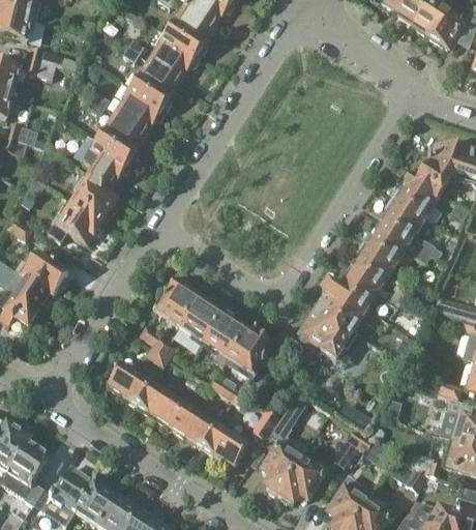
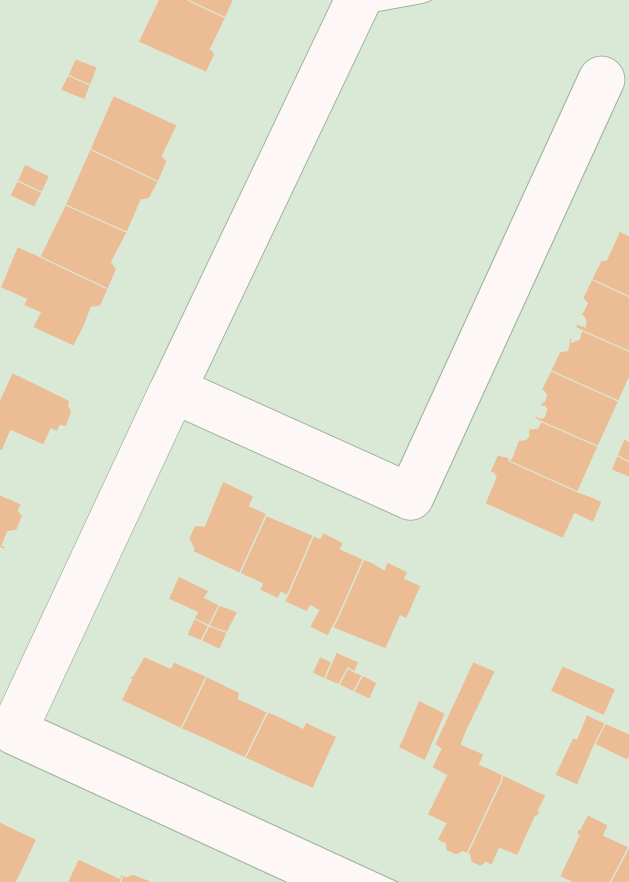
building: [149,33,201,81] -> none
building: [73,178,118,220] -> none
building: [301,307,362,364] -> none
building: [203,421,249,468] -> none

